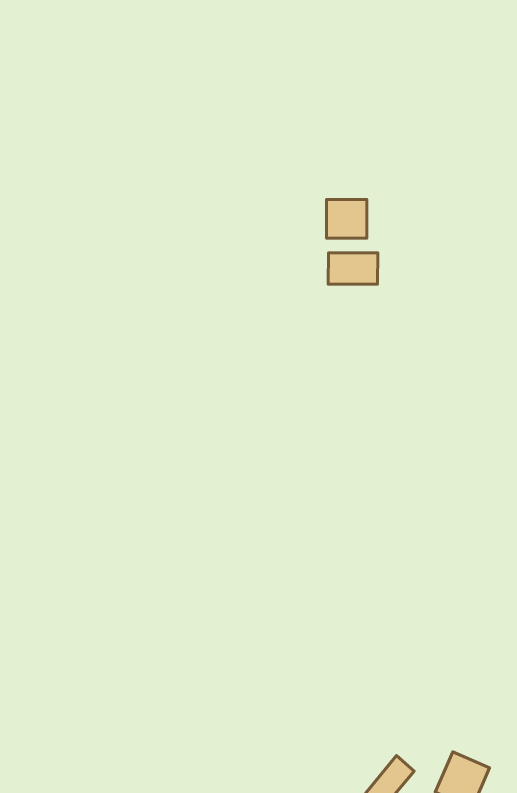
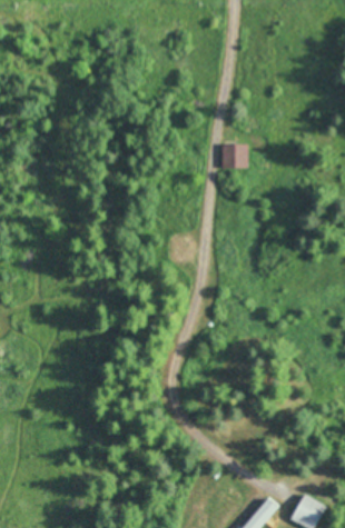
building: [328,253,378,284] -> none

